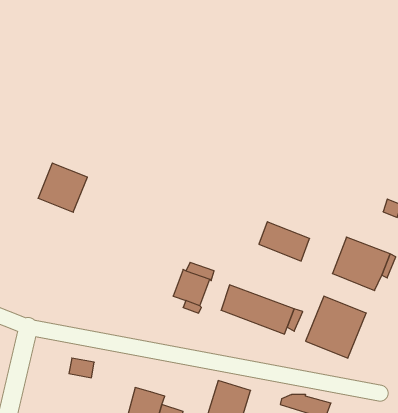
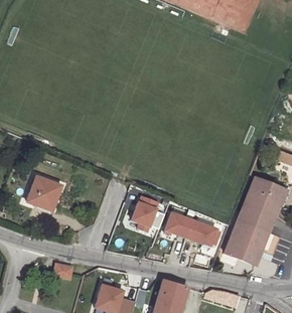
building: [38,163,87,212] -> [27,175,62,210]
building: [259,222,310,261] -> [236,203,272,231]

